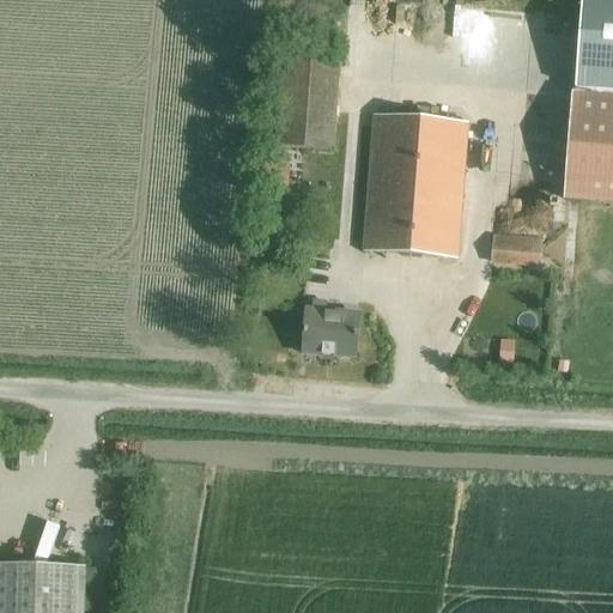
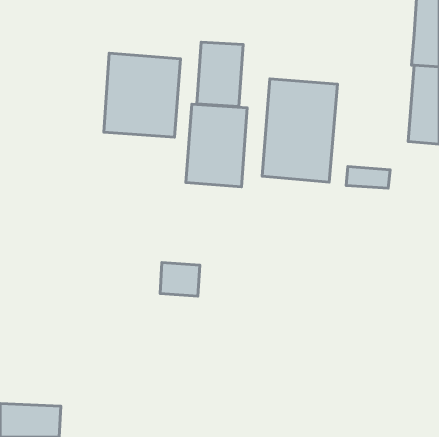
building: none -> [104,53,181,137]
building: none -> [186,104,247,187]
building: [303,309,358,356] -> [160,263,200,296]

